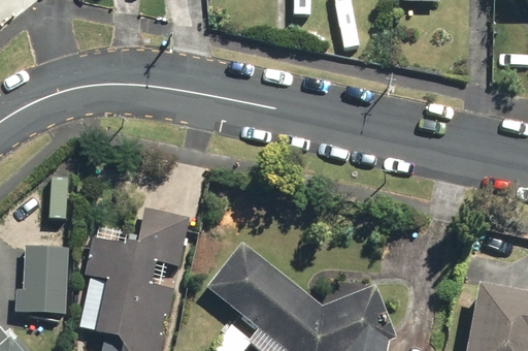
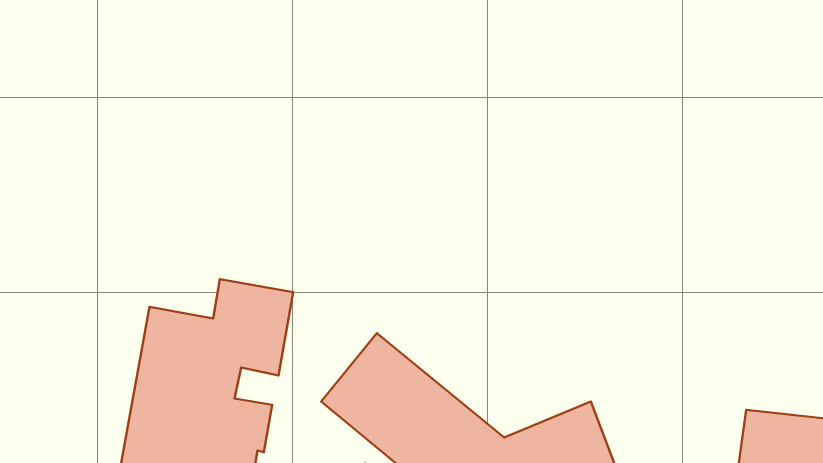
building: [8,246,70,313] -> none

